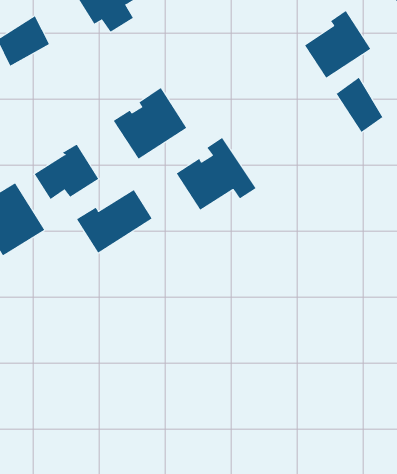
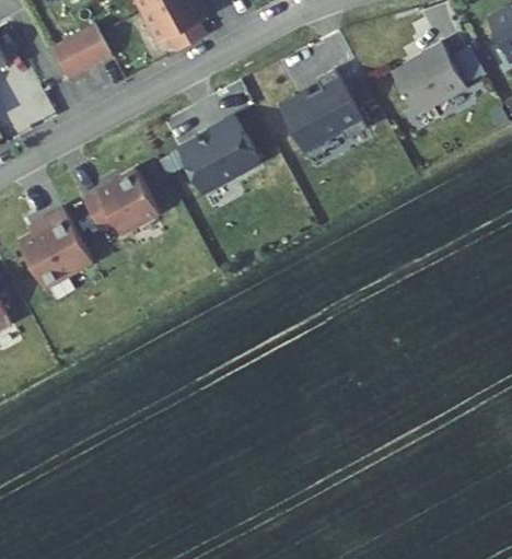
building: [336,77,383,133] -> none
building: [176,137,257,210] -> [289,69,377,149]
building: [76,189,152,253] -> none

